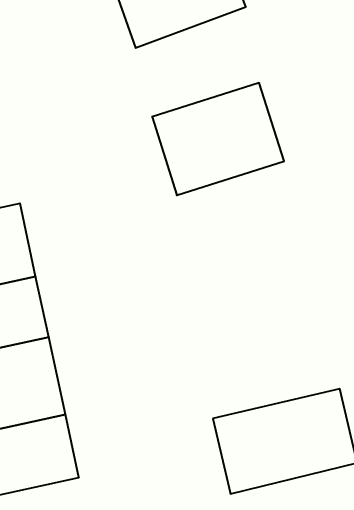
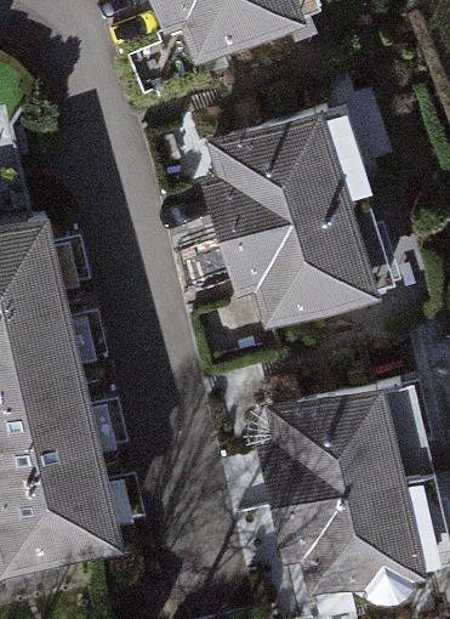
building: none -> [239,194,394,325]
building: none -> [260,371,431,498]

